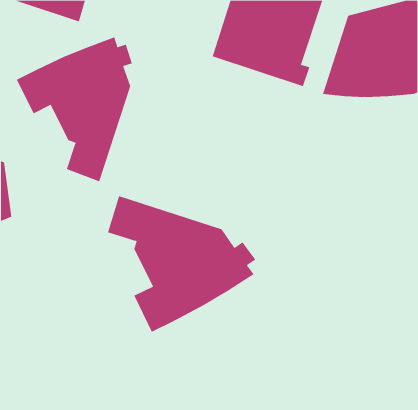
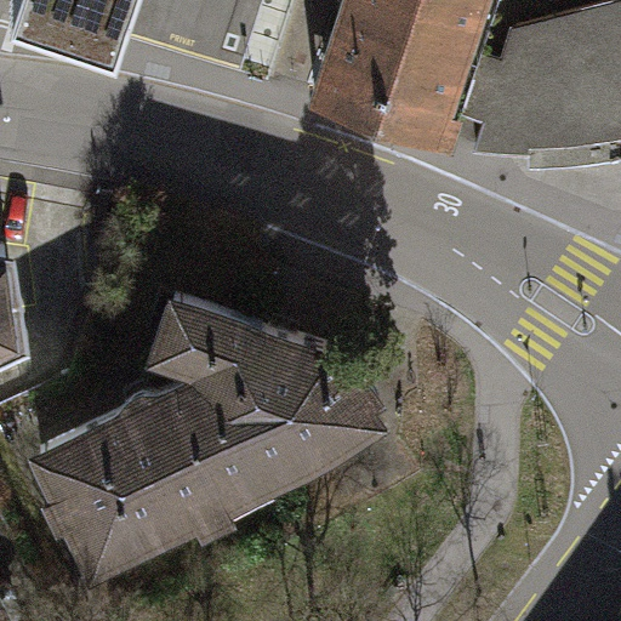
building: [16,37,133,182] -> none
building: none -> [41,381,232,566]

